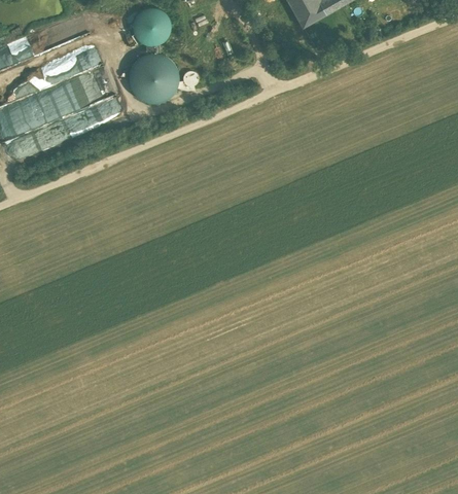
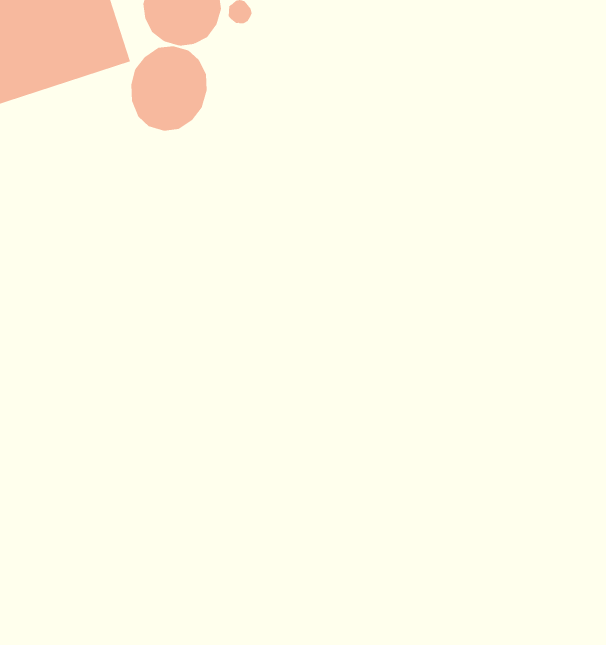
building: none -> [131,45,207,131]

